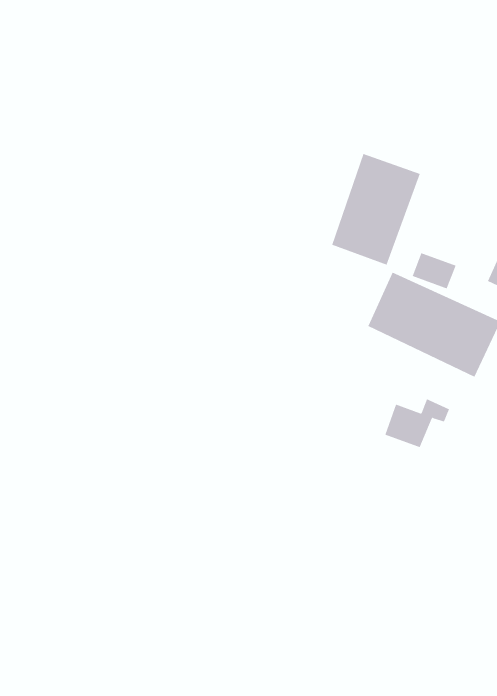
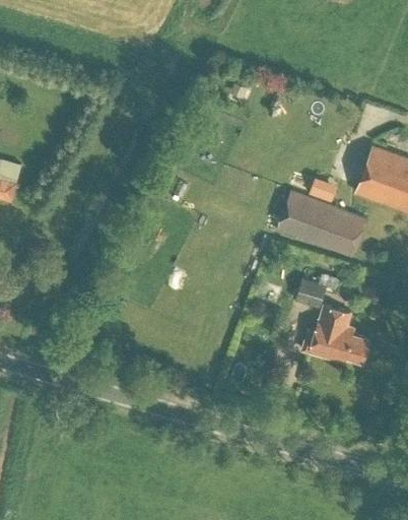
building: [331,153,421,265] -> none
building: none -> [300,304,368,362]

